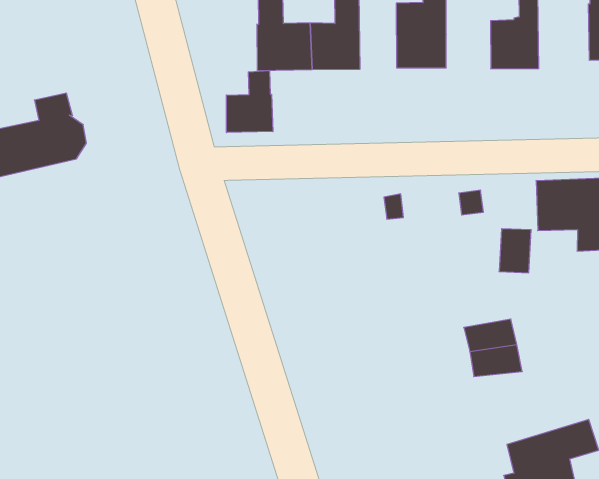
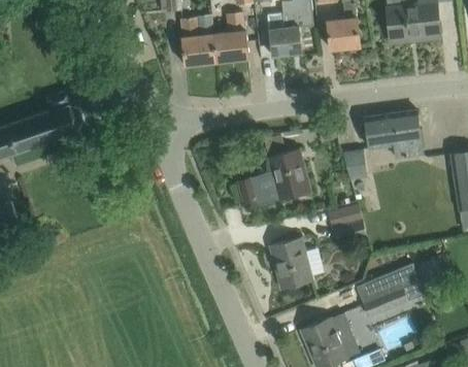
building: [226,70,273,133] -> none
building: none -> [237,148,310,209]
building: none -> [269,237,312,290]

